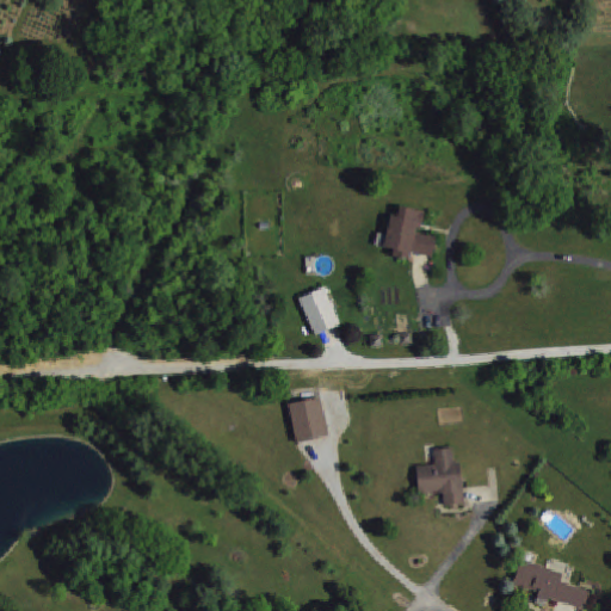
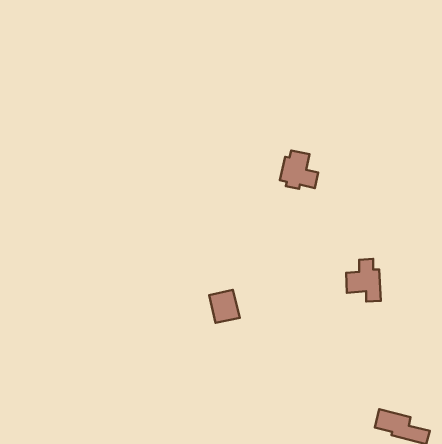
building: [297,288,339,335] -> none
building: [415,448,463,506] -> [346,259,381,302]

